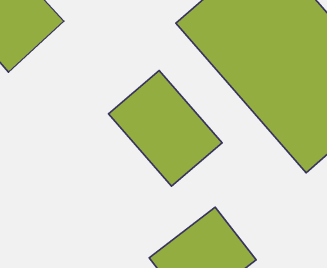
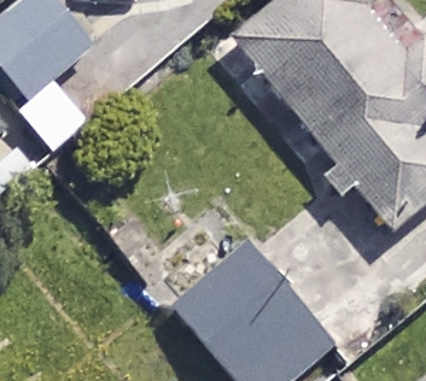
building: [109,70,222,186] -> none

